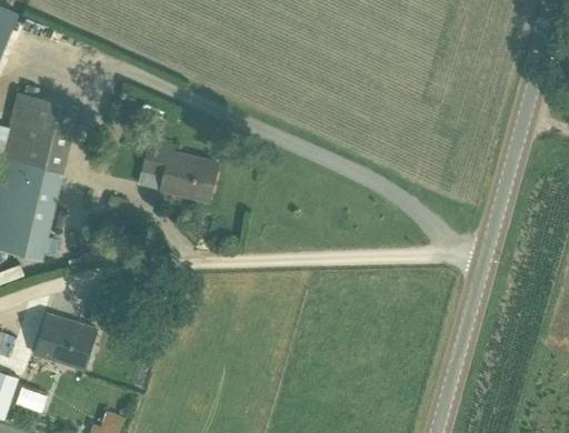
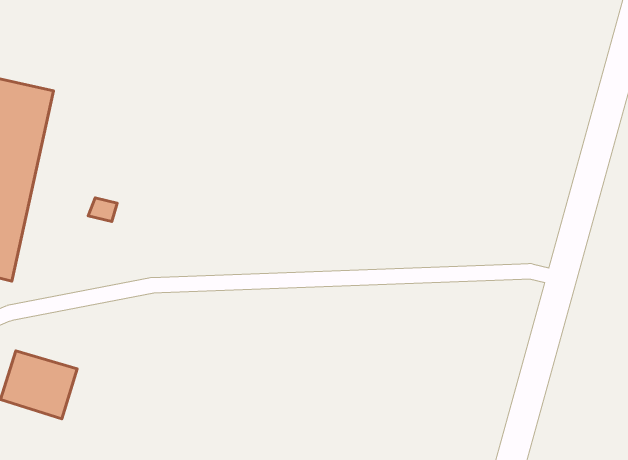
building: [144,148,217,200] -> none

